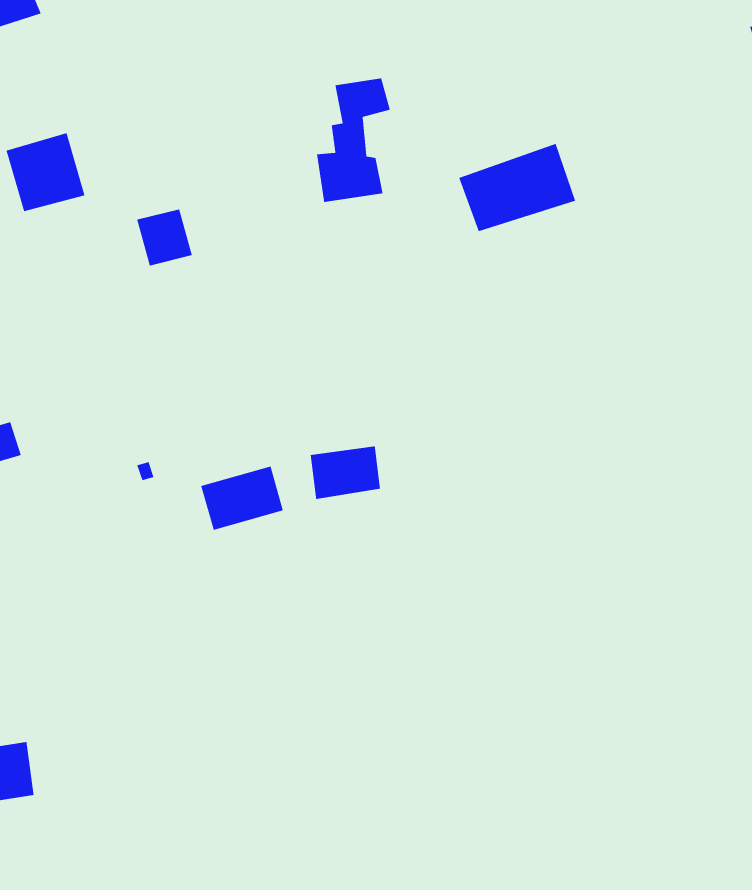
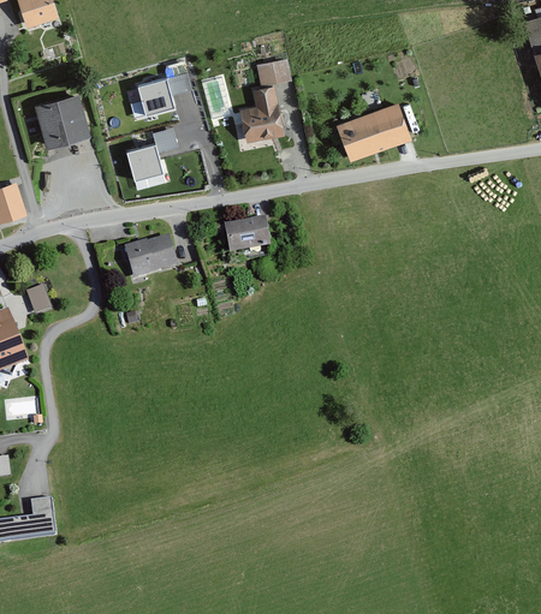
building: none -> [136,78,173,117]
building: [310,445,381,500] -> [226,219,273,255]
building: [200,466,284,531] -> [124,233,179,276]

